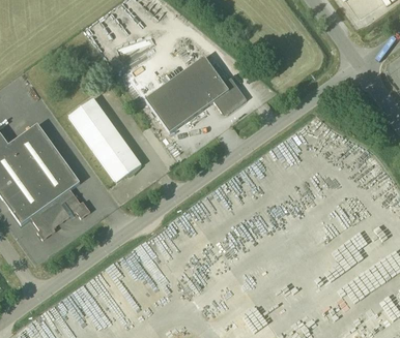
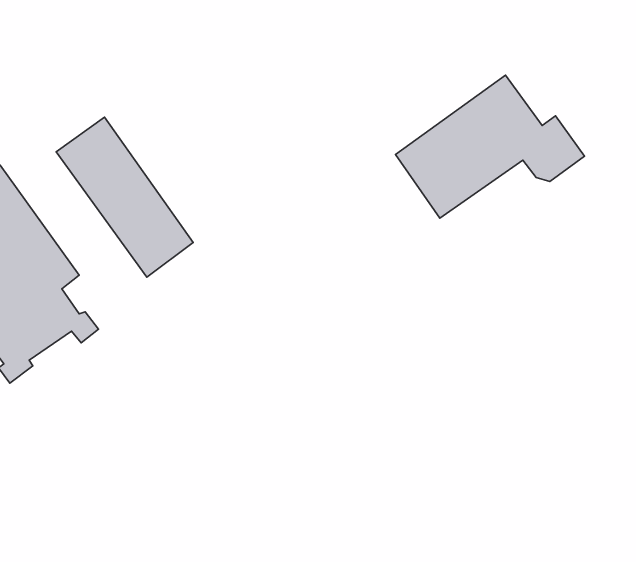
building: [145,56,247,132] -> [395,75,585,218]

